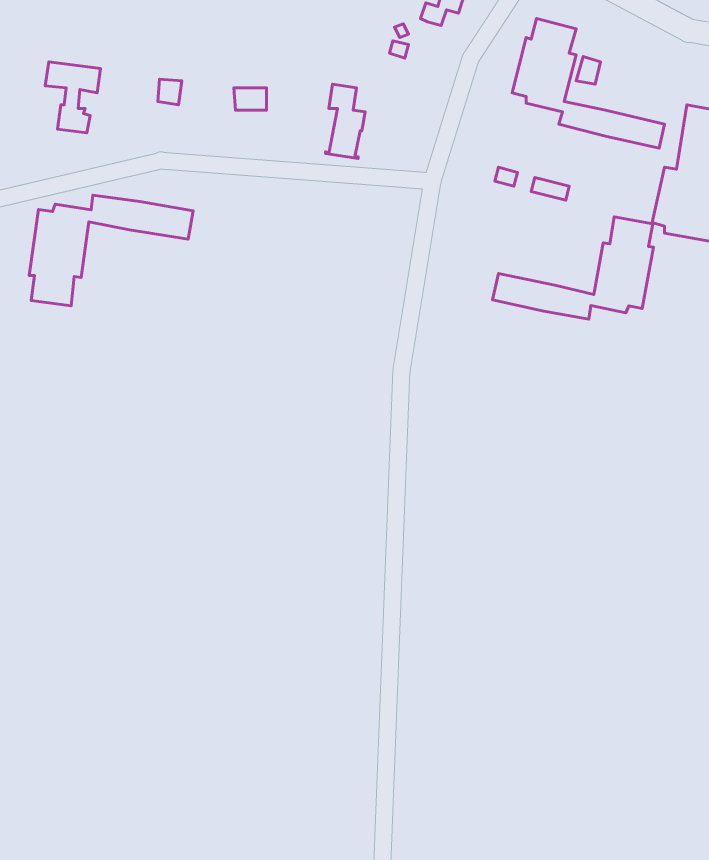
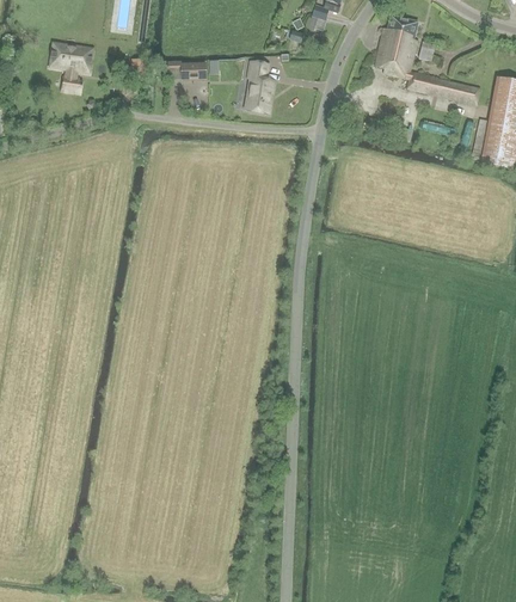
building: [29,195,193,306] -> none
building: [493,217,654,319] -> none

